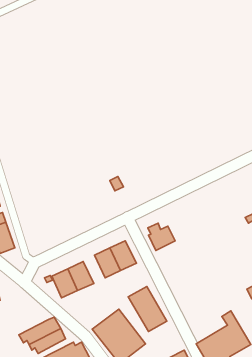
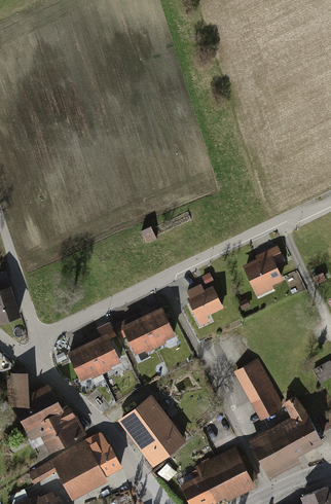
building: none -> [242,246,287,296]
building: [128,286,167,332] -> [234,361,284,419]
building: none -> [7,373,63,429]

